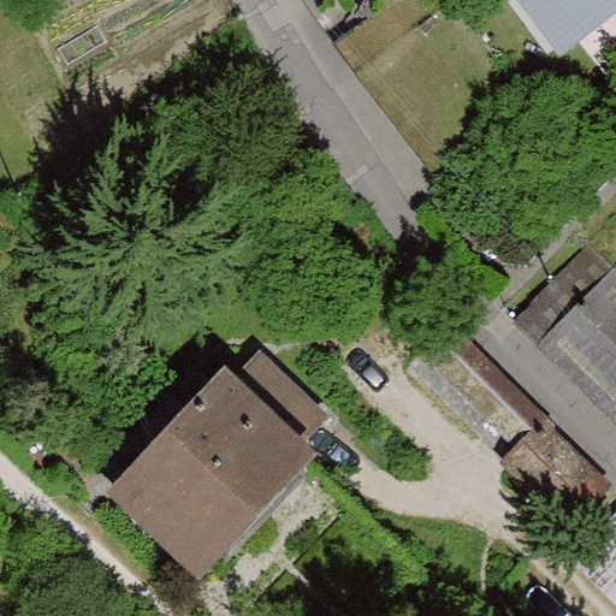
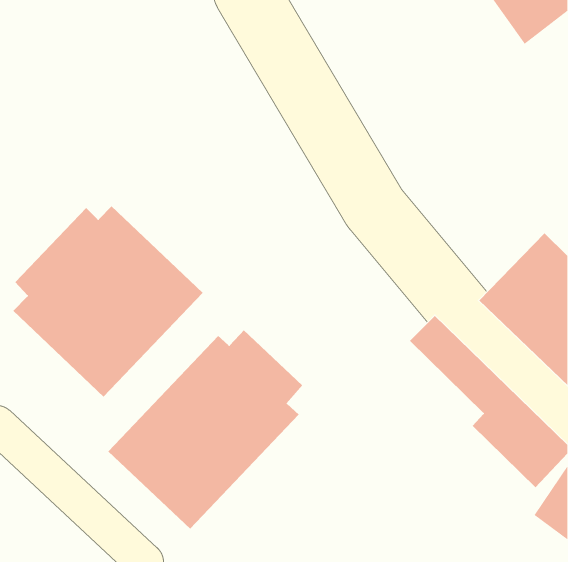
building: none -> [12,206,203,398]

